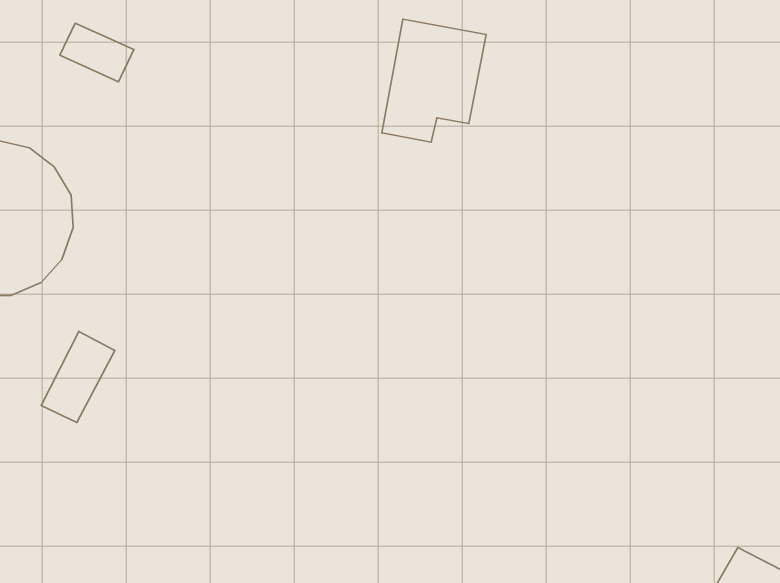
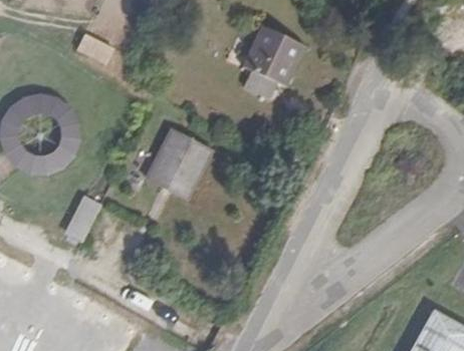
building: none -> [144,128,215,202]

